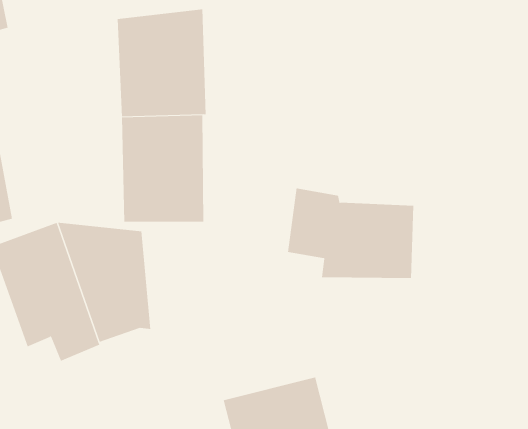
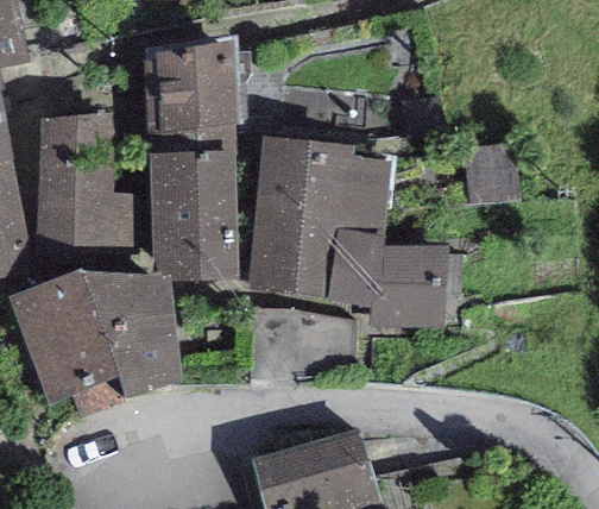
building: none -> [34,108,131,251]
building: none -> [245,128,390,302]

